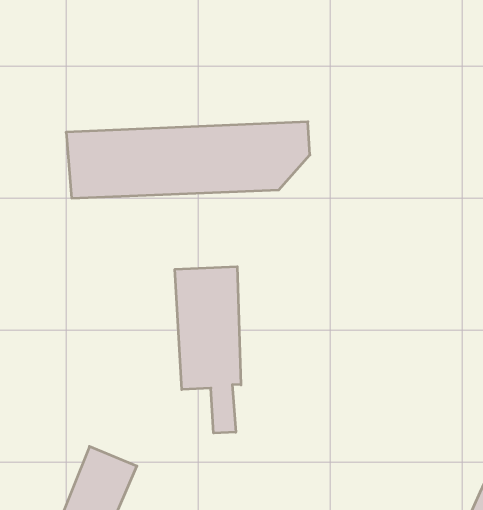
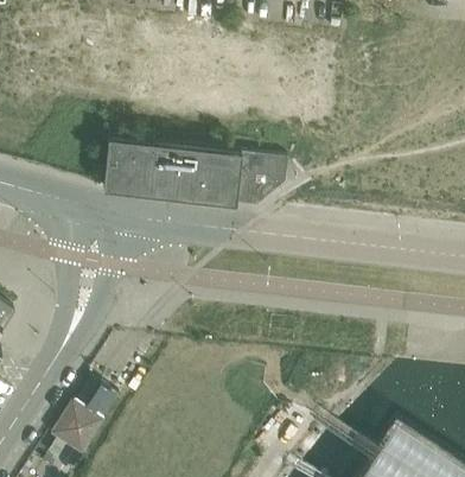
building: [175,267,241,433] -> none

